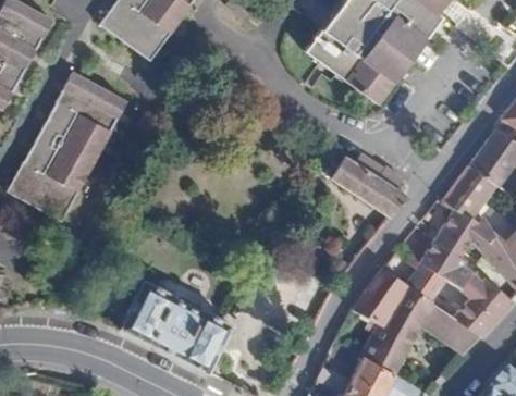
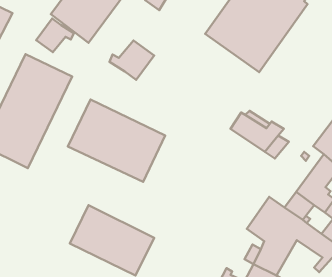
building: none -> [36,19,74,52]
building: none -> [109,40,154,80]
building: none -> [68,99,165,182]

